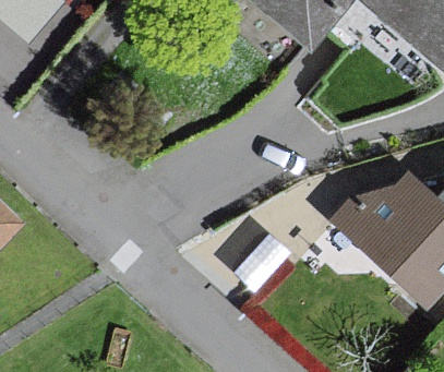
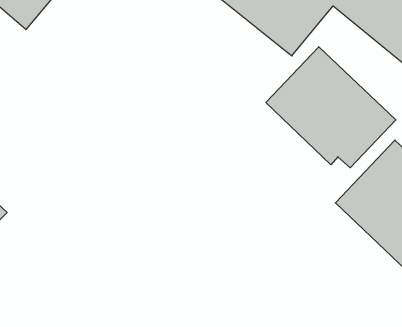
building: none -> [266,47,396,168]

